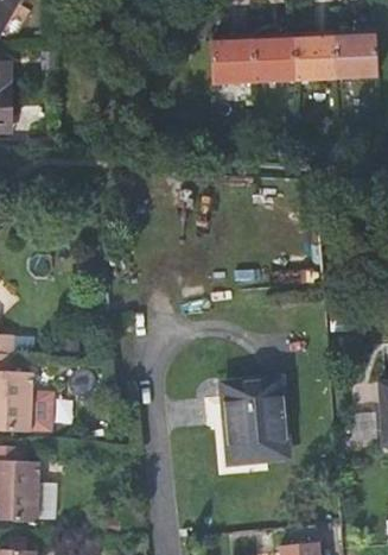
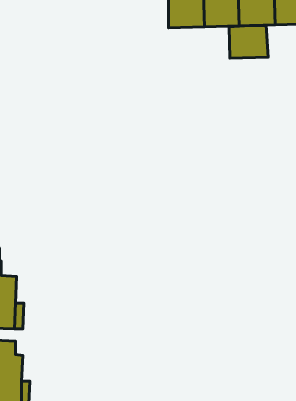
building: none -> [229,26,268,58]
building: [224,373,288,455] -> none

